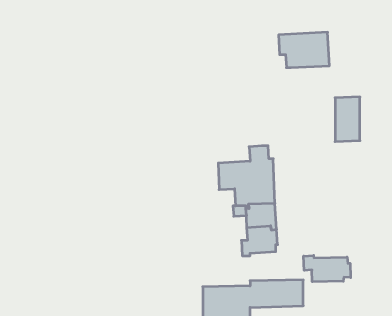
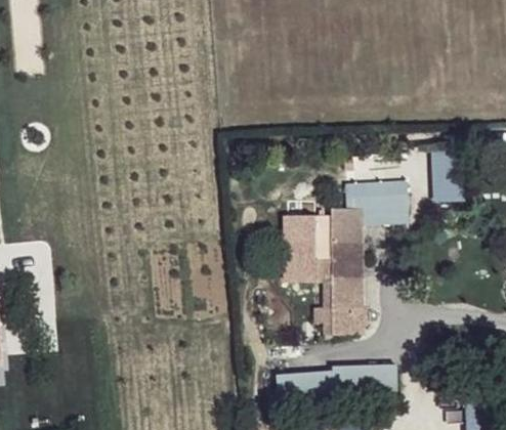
building: [279,32,329,68] -> [344,178,405,220]
building: [304,255,351,282] -> none

